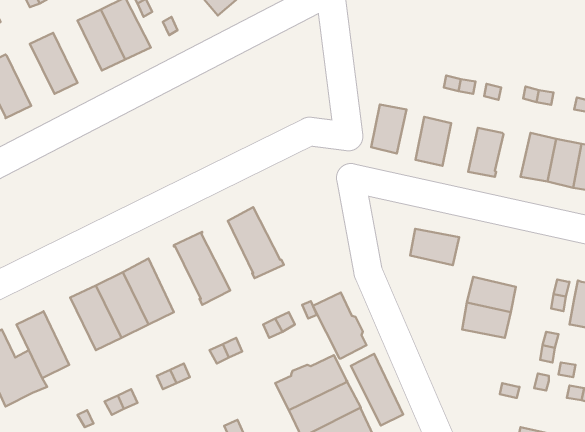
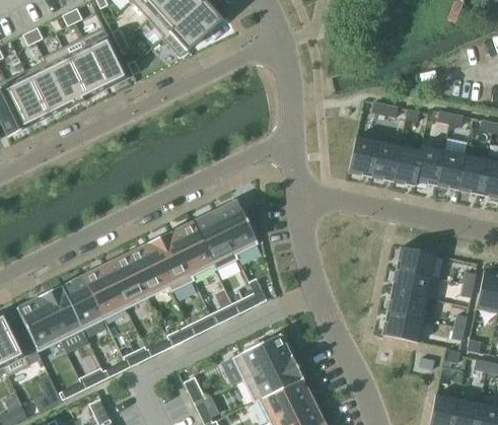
building: none -> [48,56,88,109]
building: none -> [9,75,49,127]
building: [371,105,407,153] -> [371,141,401,182]
building: none -> [415,145,444,186]
building: none -> [170,222,214,276]
building: [410,229,459,265] -> [397,246,437,277]
building: none -> [127,243,170,298]
building: [313,293,367,359] -> [214,200,259,255]
building: none -> [39,285,83,341]
building: none -> [382,312,423,342]
building: [351,354,403,425] -> none

